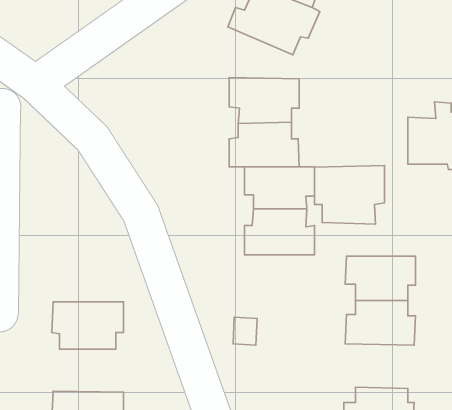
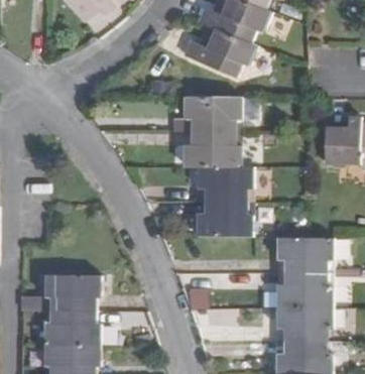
building: [315,165,385,224] -> none
building: none -> [276,307,332,343]
building: none -> [44,311,101,346]

